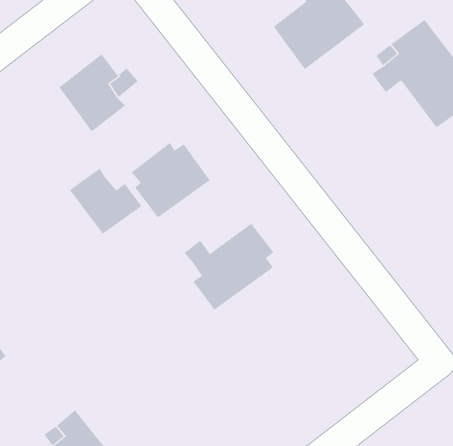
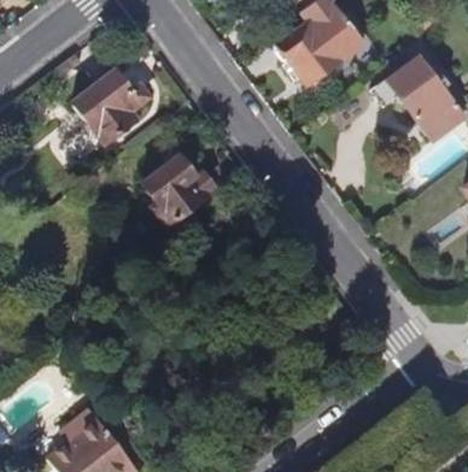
building: [69,167,142,234] -> none
building: [184,223,274,310] -> none

